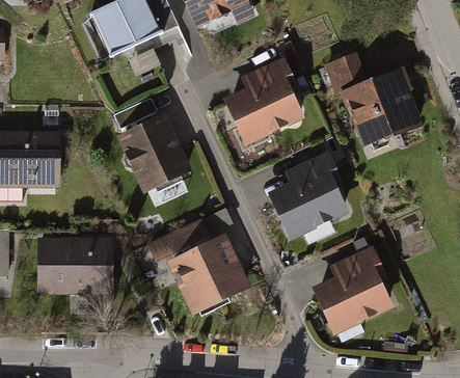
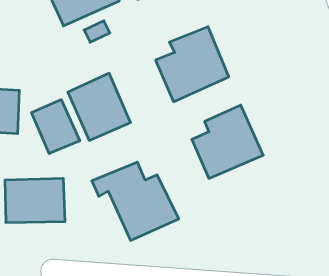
building: [328,53,424,148] -> none
building: none -> [32,100,80,154]
building: [310,246,400,336] -> none

